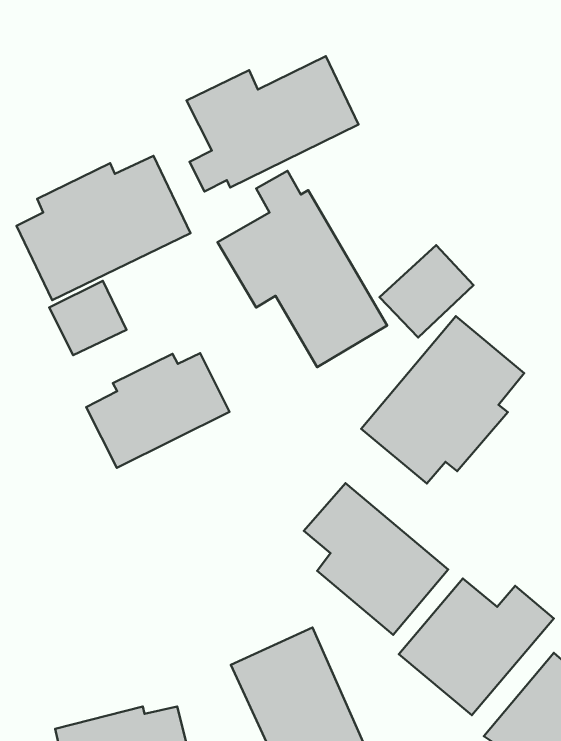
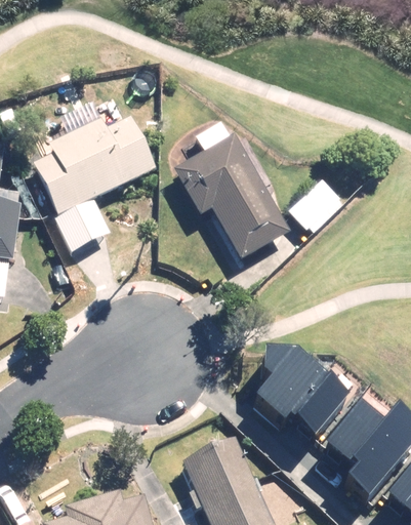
building: [187,56,359,192] -> none
building: [361,316,524,484] -> none
building: [86,353,229,468] -> none

